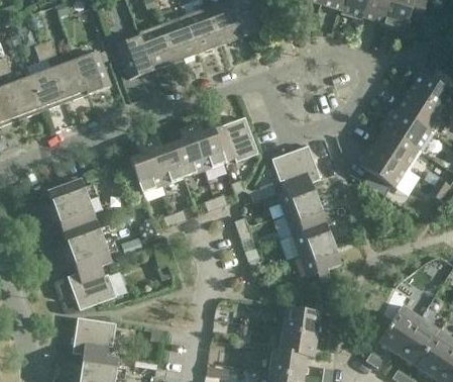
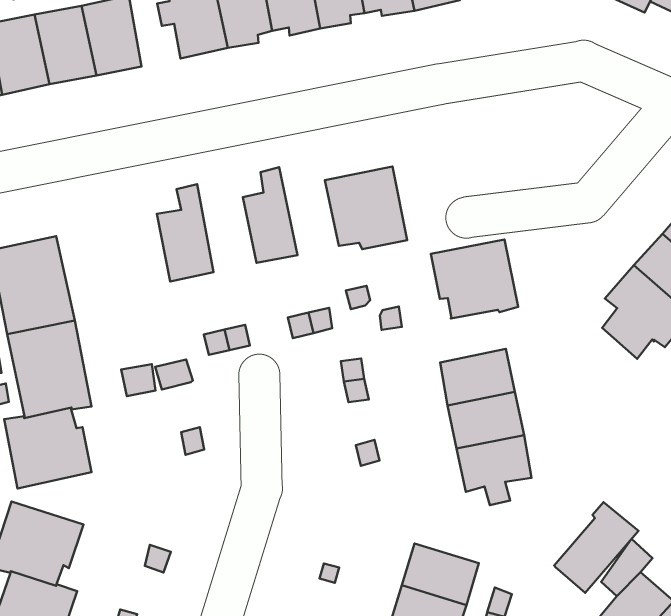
building: [188,122,224,170] -> none
building: [147,137,184,185] -> none
building: [276,182,317,213] -> none
building: none -> [554,502,639,593]

